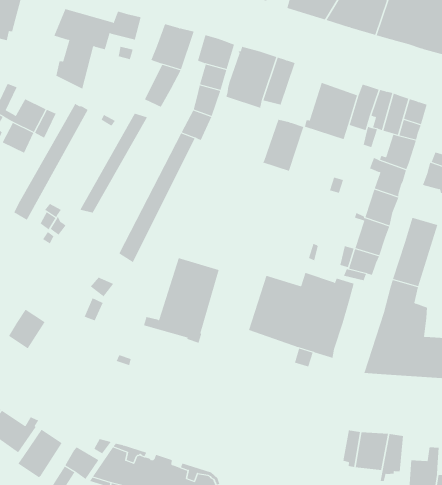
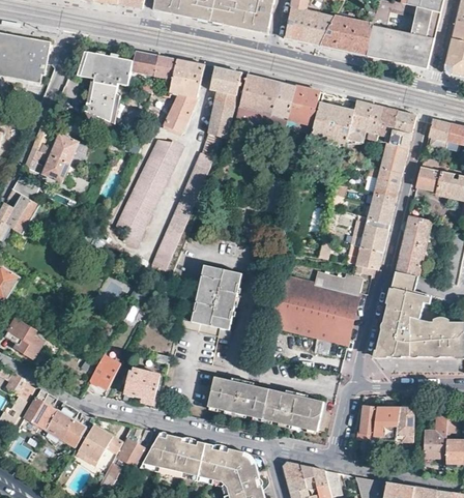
building: none -> [153,54,178,79]
building: [14,103,89,221] -> [122,140,182,246]
building: [262,119,304,171] -> [285,85,320,130]
building: [8,309,45,349] -> [89,353,121,388]
building: none -> [124,368,161,402]
building: none -> [207,376,325,431]

